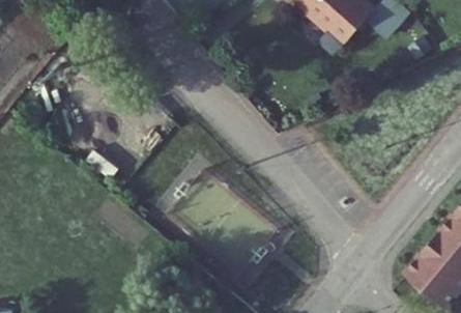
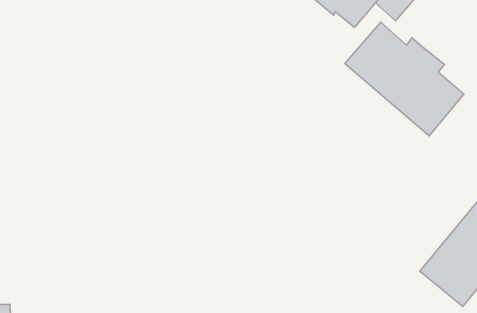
building: none -> [345,22,464,136]

